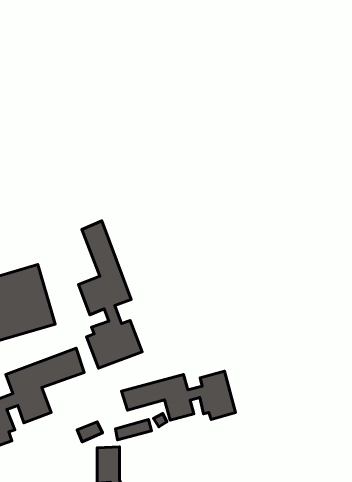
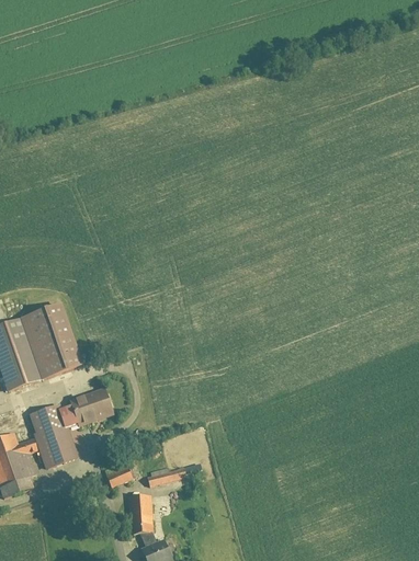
building: [79,221,142,368] -> none
building: [122,371,236,420] -> none

